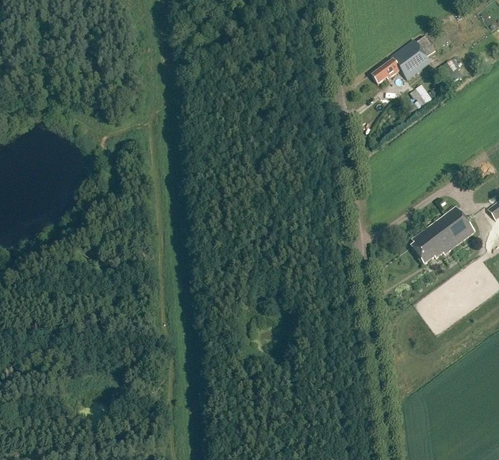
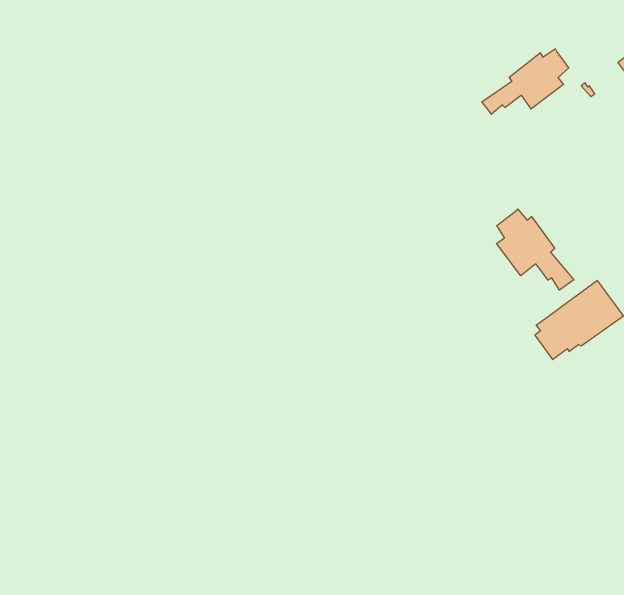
building: none -> [496,209,574,290]

